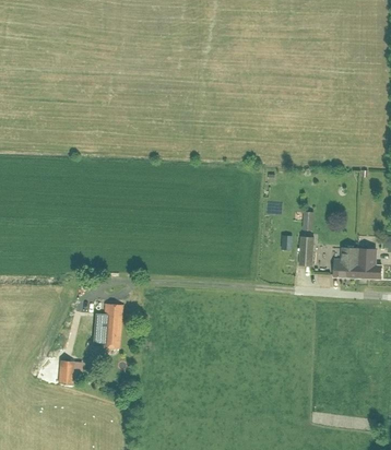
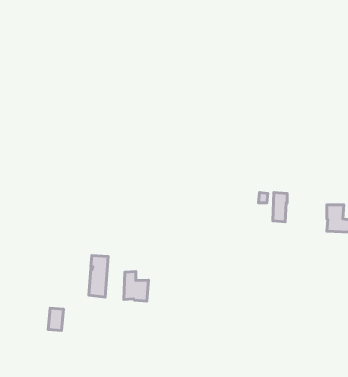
building: [333,247,358,276] -> none
building: none -> [124,272,148,301]

